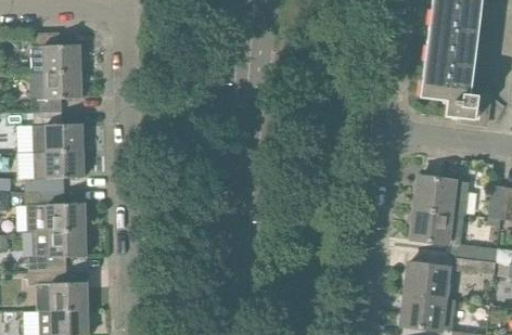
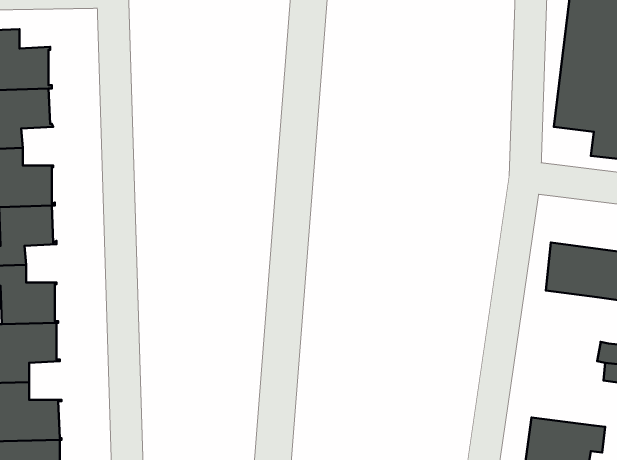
building: [411,208,450,243] -> none
building: [406,262,451,299] -> none

